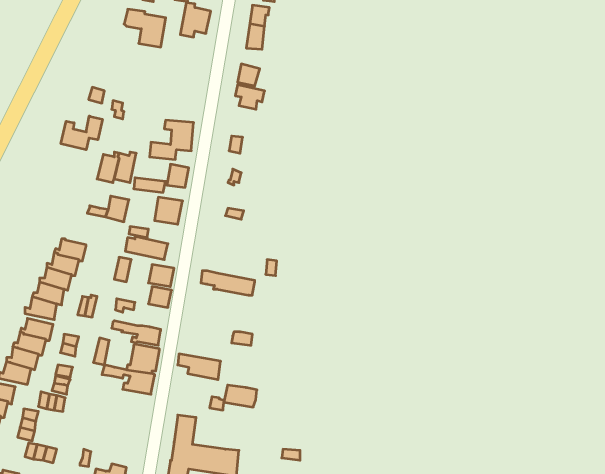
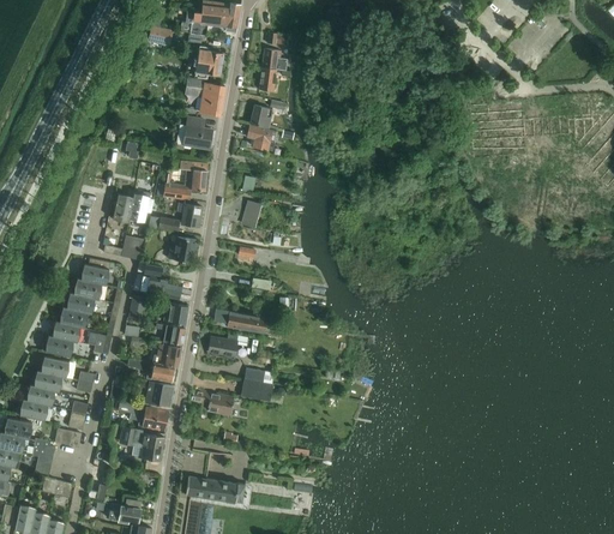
building: [124,9,166,47] -> [185,78,225,115]
building: none -> [177,118,213,149]
building: [61,116,102,150] -> none
building: none -> [78,258,110,286]
building: none -> [209,335,248,358]
building: none -> [152,341,182,366]
building: [224,385,257,407] -> [241,379,273,401]
building: none -> [120,426,164,461]

